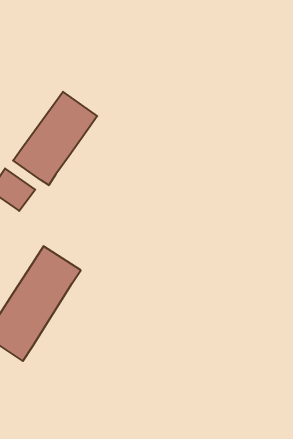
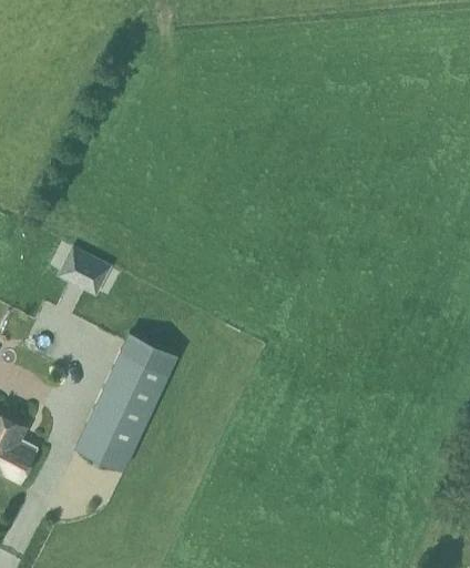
building: [13,92,97,185] -> none

